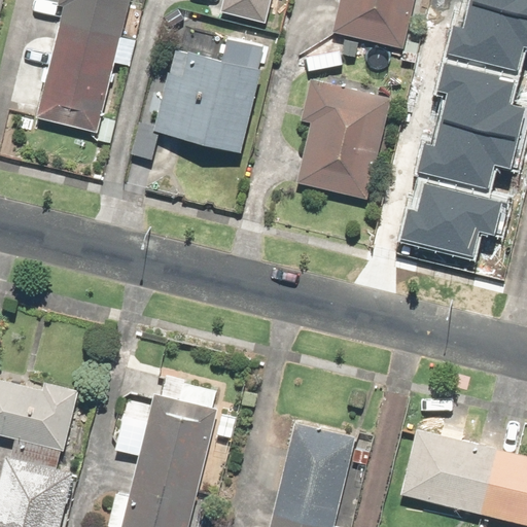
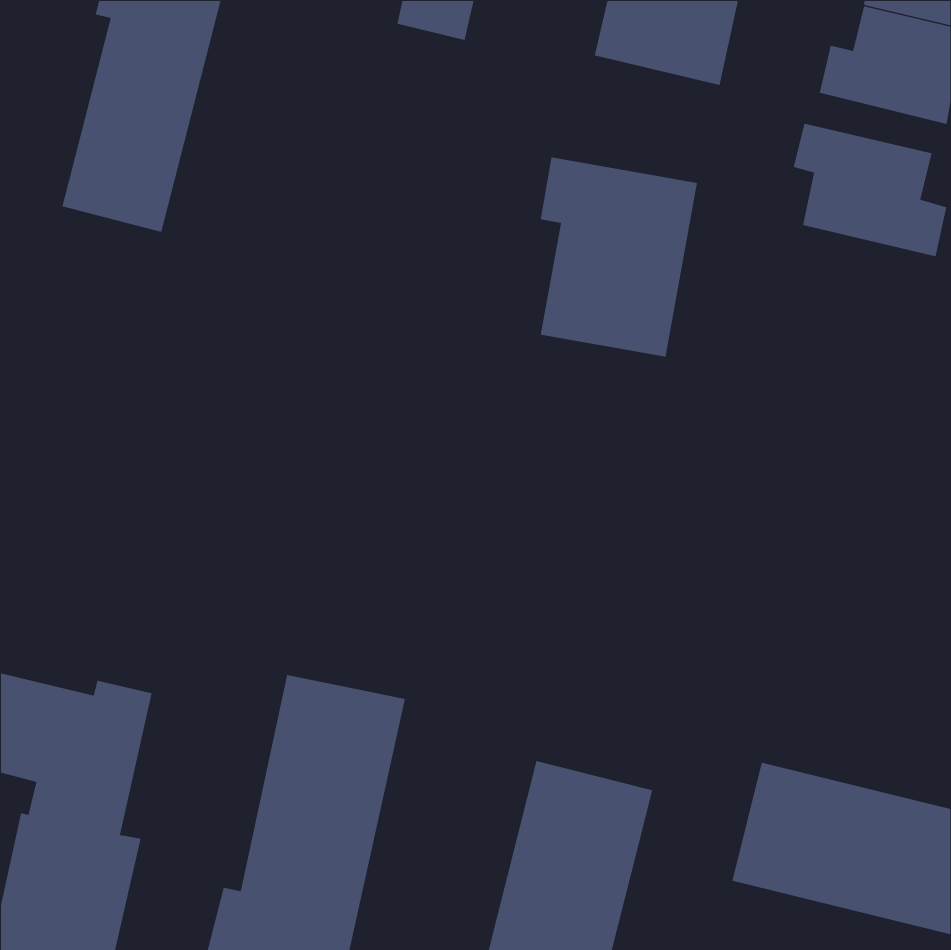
building: [152,40,258,159] -> none
building: [419,126,518,191] -> none
building: [402,184,506,256] -> none

